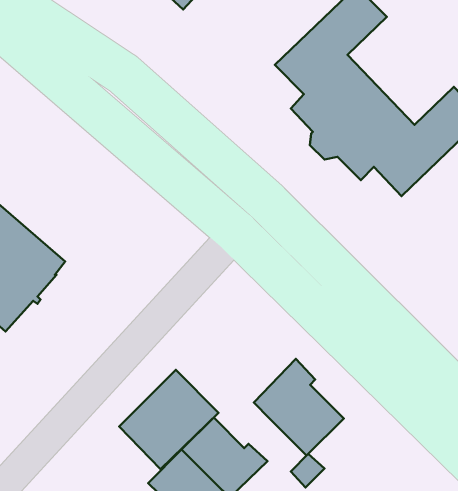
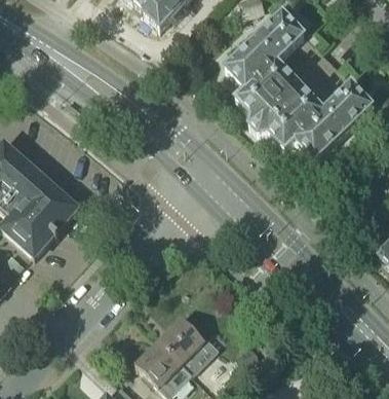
building: [254,359,344,456] -> none
building: [119,370,219,469] -> none

